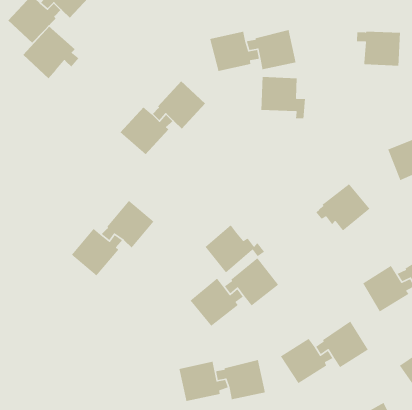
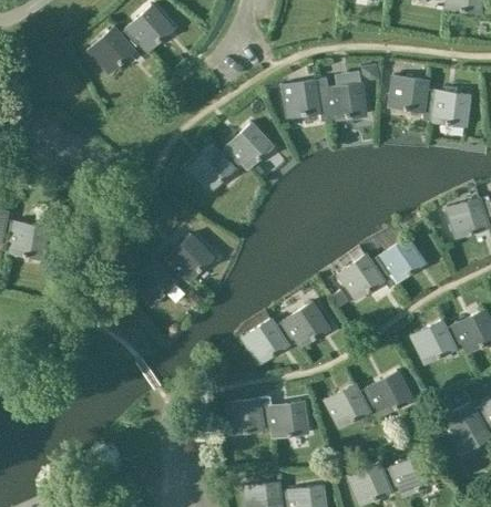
building: [22,26,80,79] -> none
building: [260,76,306,119] -> [389,74,434,120]
building: [204,224,265,273] -> [338,252,397,300]

